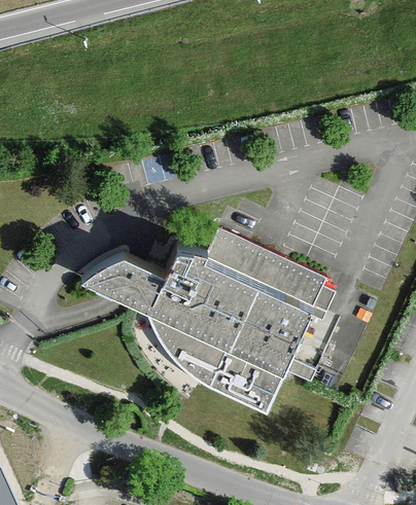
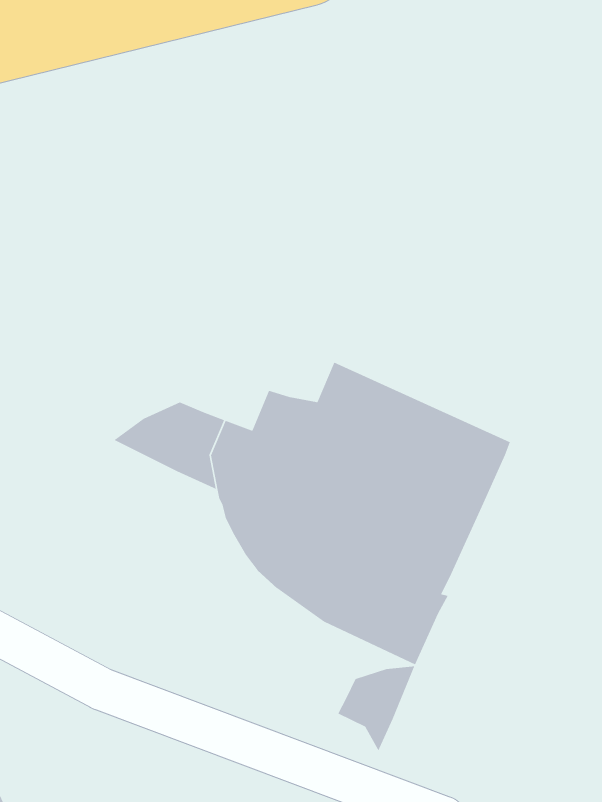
building: none -> [337,666,416,752]

